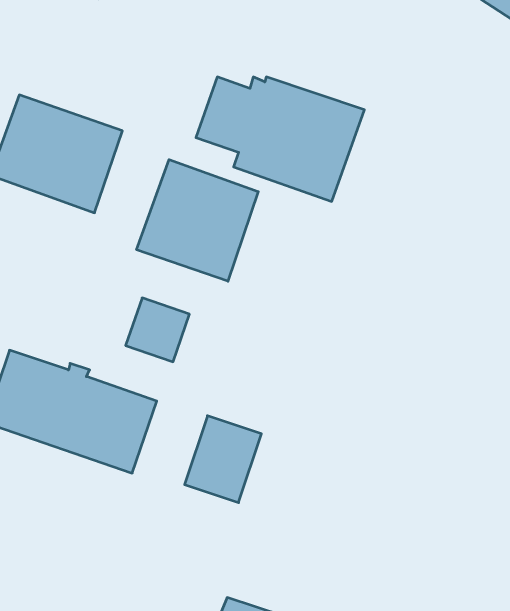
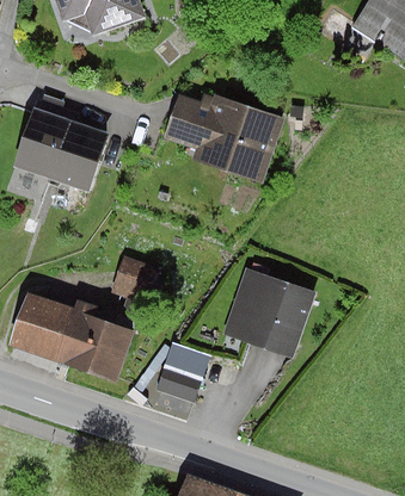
building: [137,160,258,281] -> none
building: none -> [221,266,315,356]

